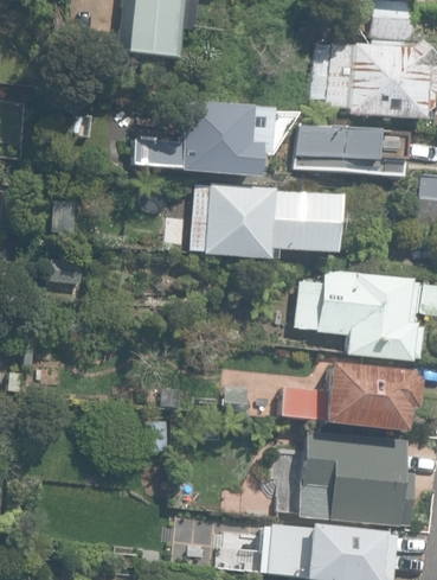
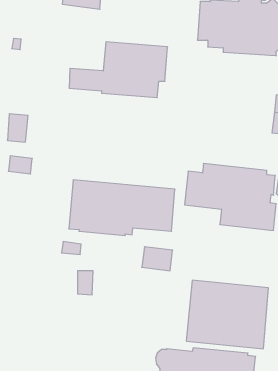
building: [295,123,401,176] -> none
building: [191,180,338,257] -> [69,180,175,236]
building: [282,362,417,429] -> none

